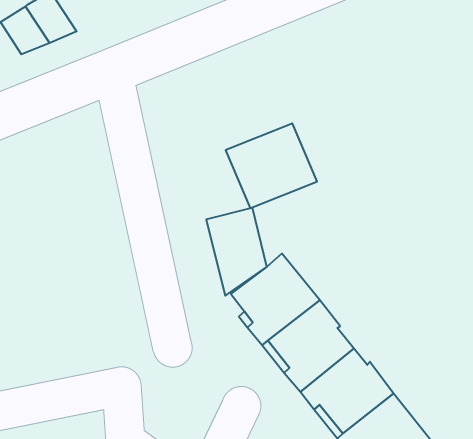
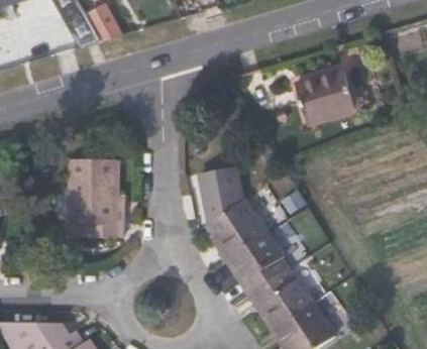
building: [226,123,317,208] -> [295,70,355,125]
building: none -> [69,159,121,237]

